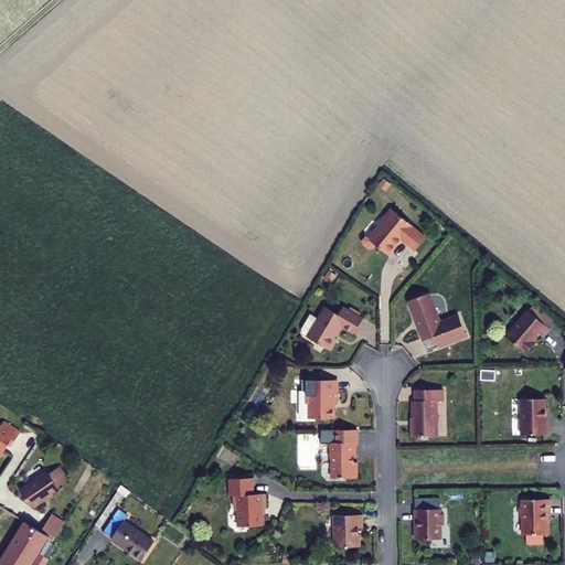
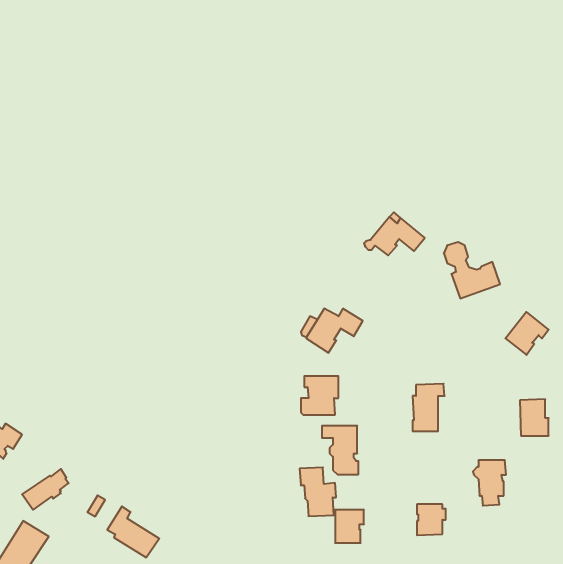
building: [408,295,465,351] -> [444,242,500,298]
building: [227,478,264,526] -> [300,467,336,516]
building: [518,493,551,539] -> [473,460,506,506]

